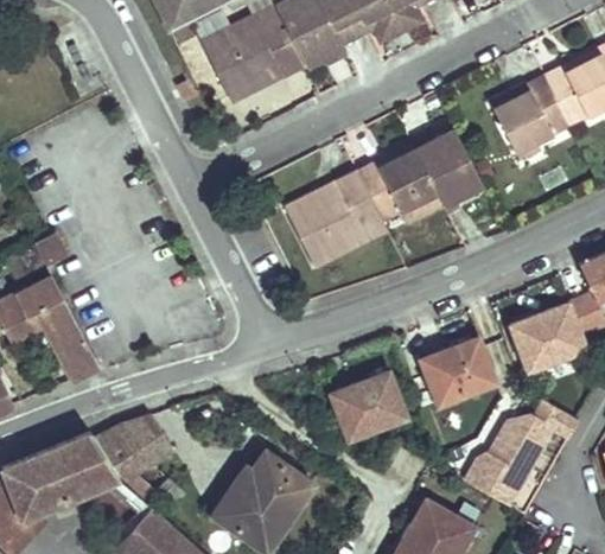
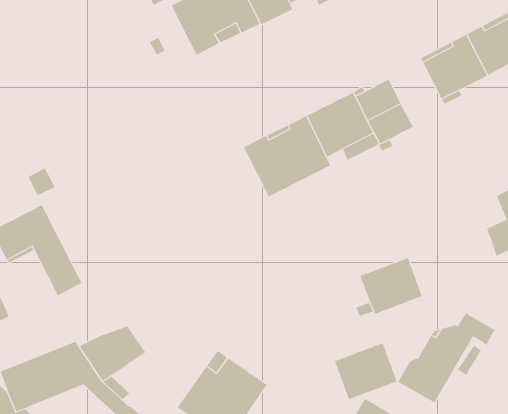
building: [511,305,584,370] -> none
building: [330,374,403,440] -> [334,343,397,400]

